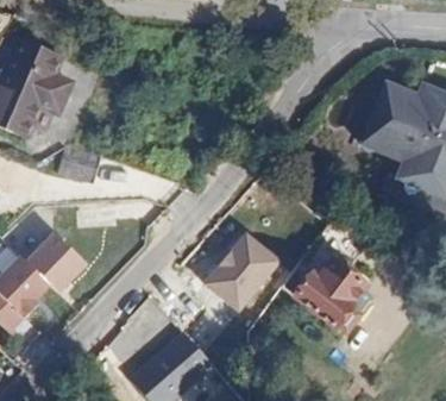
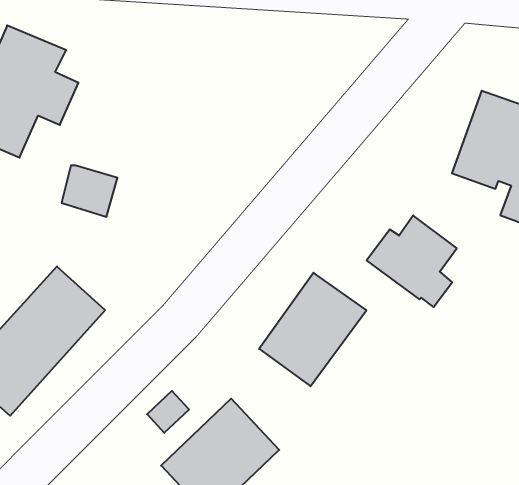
building: [291,261,360,331] -> [367,215,457,307]

